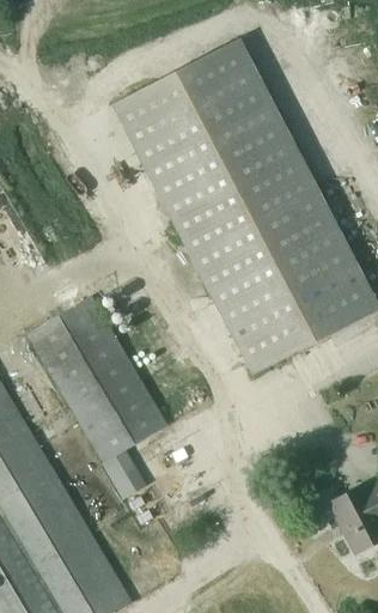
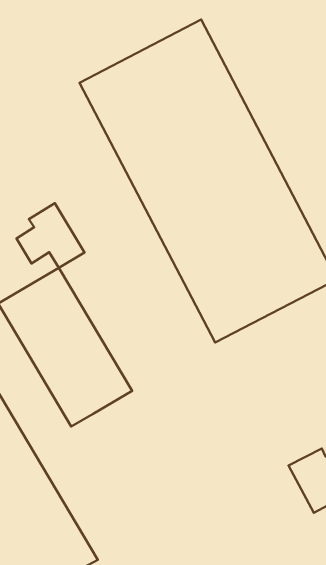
building: none -> [16,203,84,268]
building: [103,450,147,499] -> none

